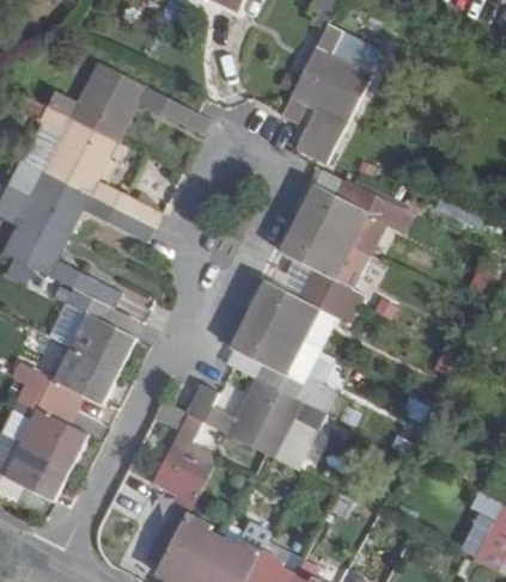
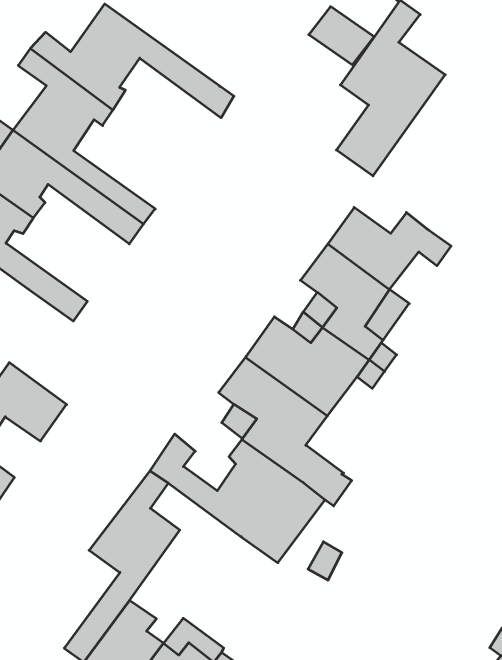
building: [328,33,378,75] -> [309,7,374,65]
building: [67,290,134,374] -> none

